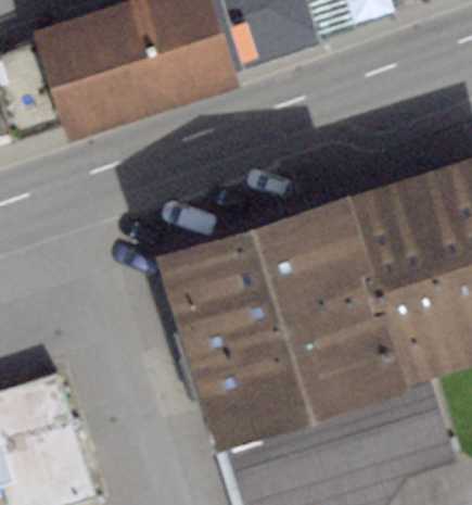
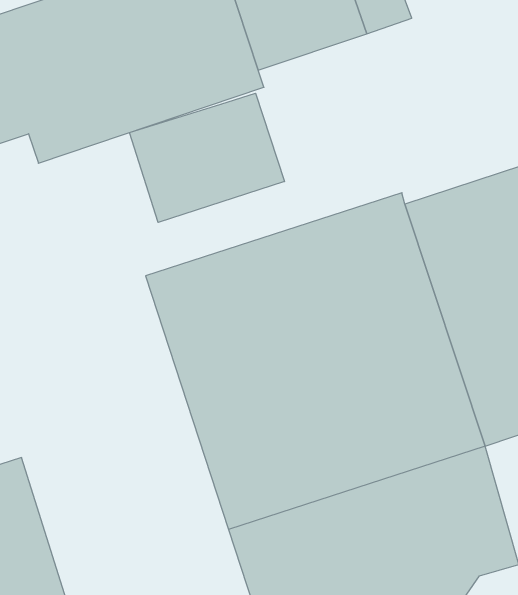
building: none -> [129,93,284,222]

